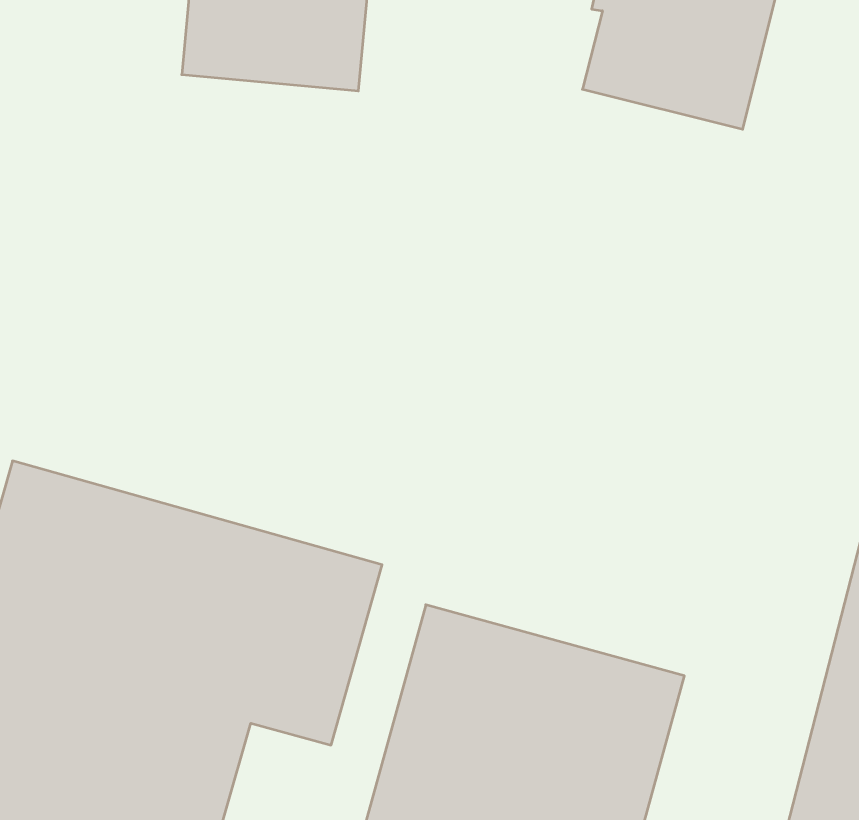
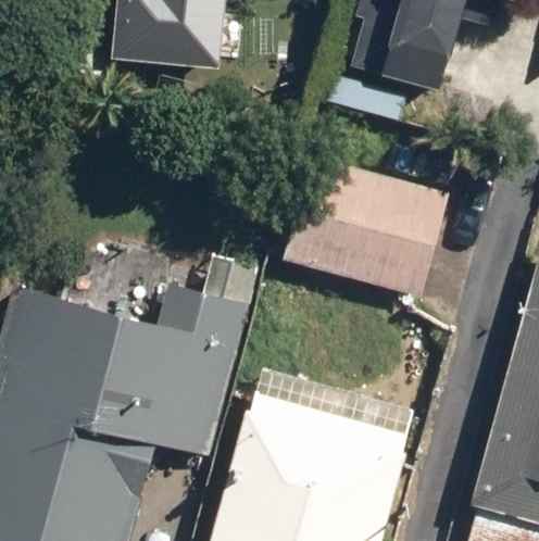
building: none -> [287,158,443,290]

